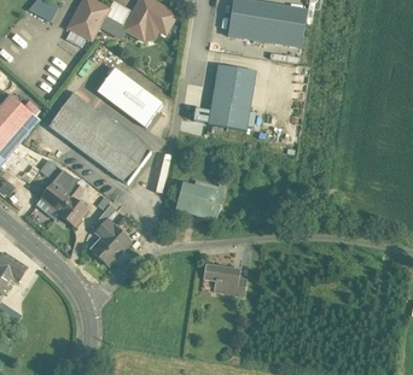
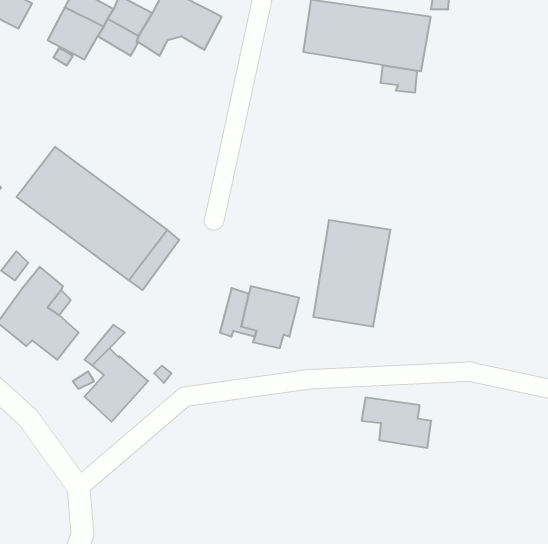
building: [208,64,256,130] -> [313,220,391,327]
building: [97,68,162,127] -> none
building: [203,264,246,295] -> [362,398,431,448]

